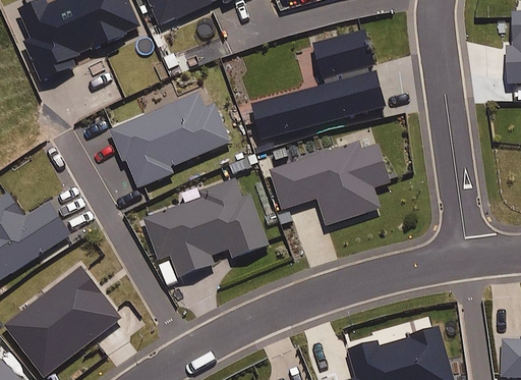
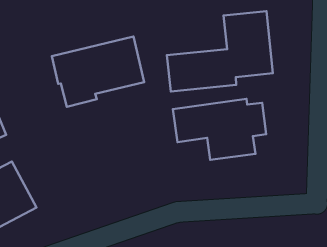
building: [142,178,267,276] -> none

